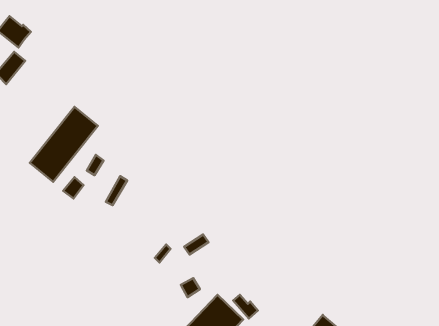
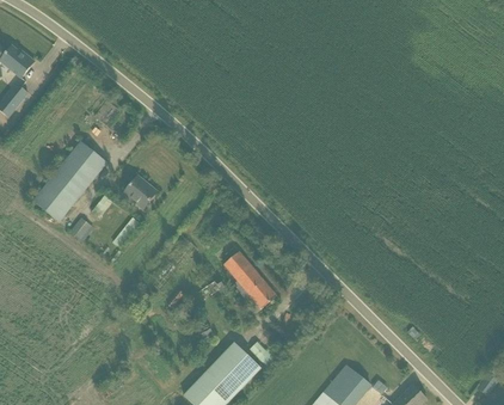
building: none -> [123,173,156,207]
building: none -> [223,251,277,308]

